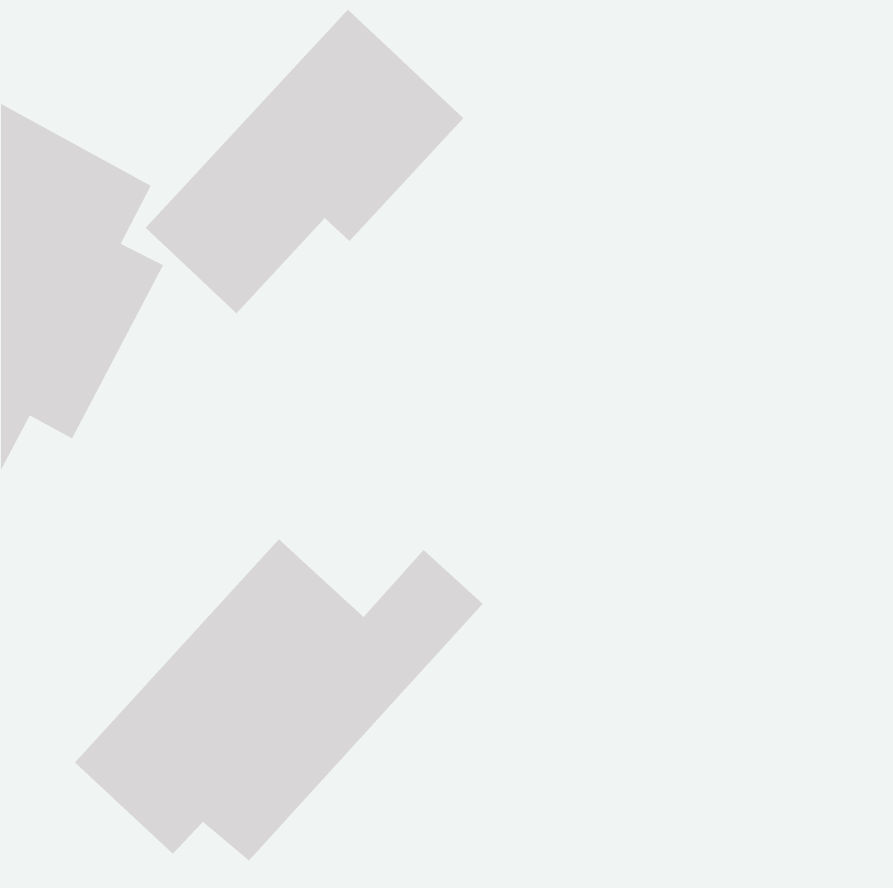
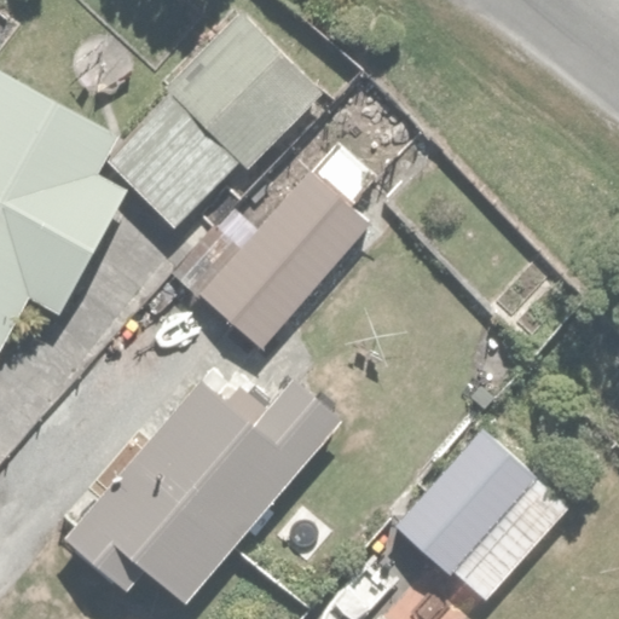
building: none -> [198,139,380,353]
building: none -> [398,429,575,607]

